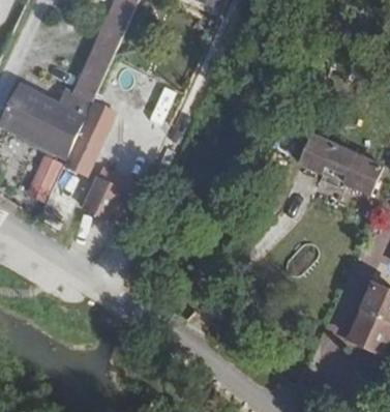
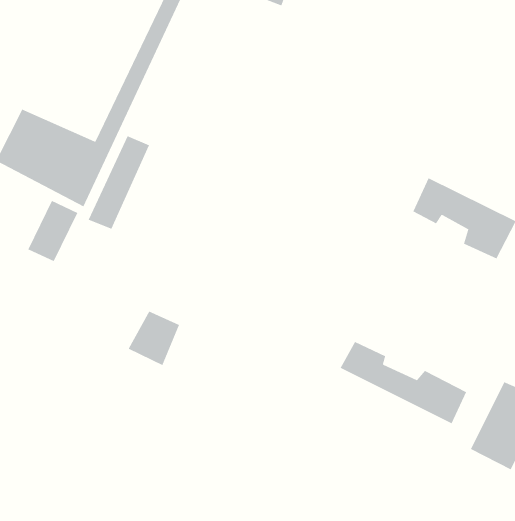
building: [84,179,122,219] -> [128,311,180,366]
building: none -> [340,341,467,424]

